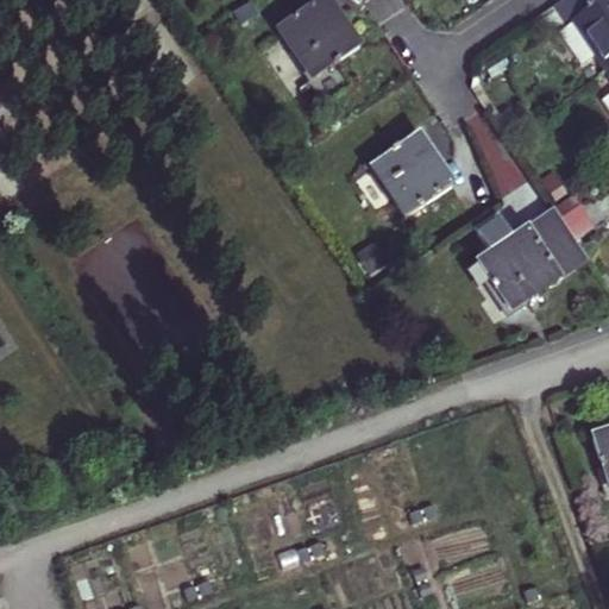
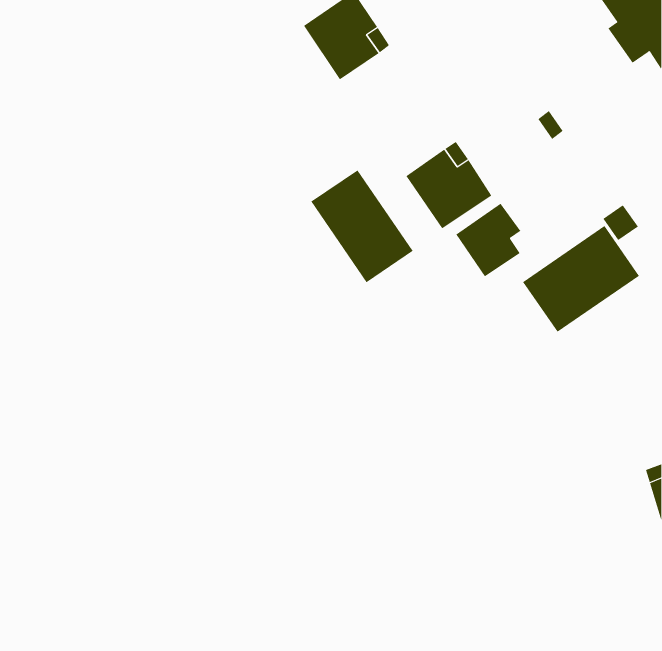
building: none -> [310,169,413,283]
building: none -> [455,203,521,277]

